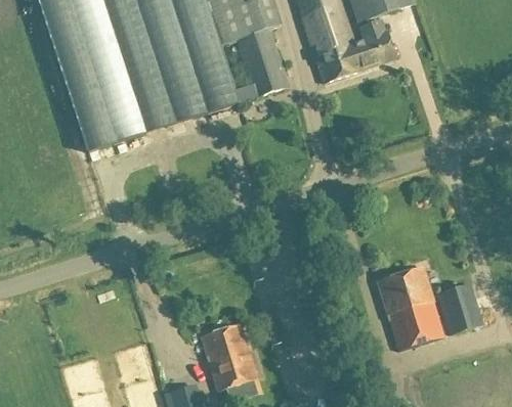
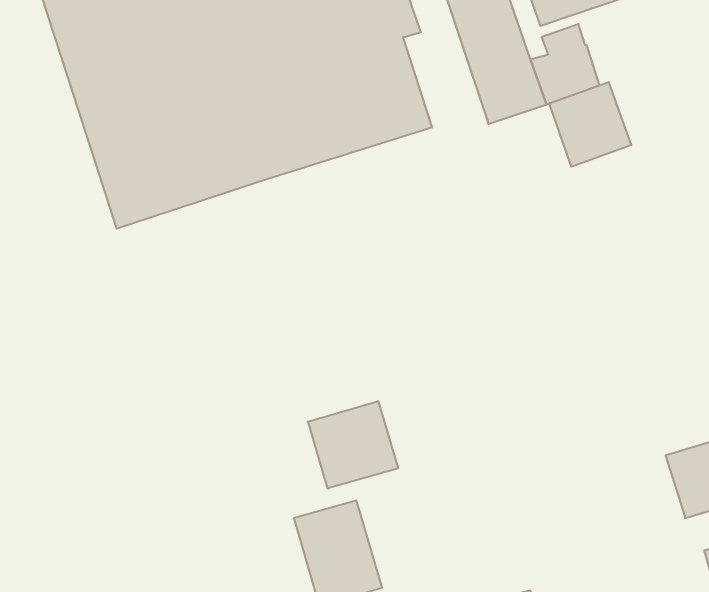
building: none -> [549,82,631,167]
building: none -> [308,401,398,489]
building: [378,266,443,348] -> none

